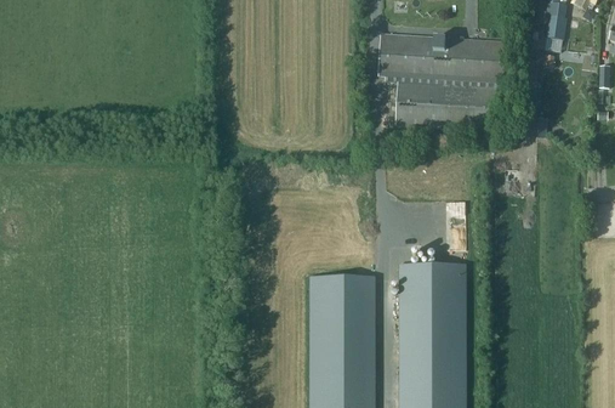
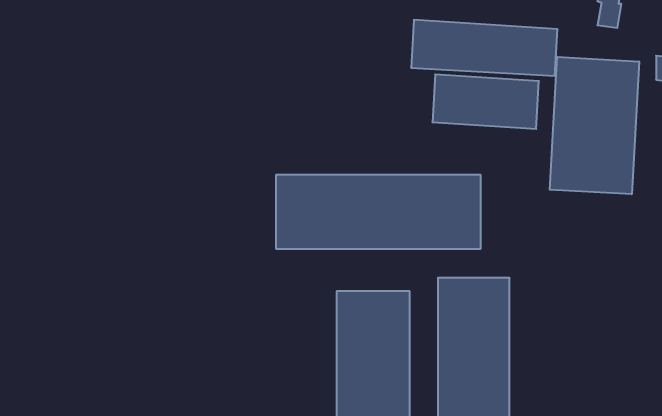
building: none -> [550,57,639,194]
building: none -> [276,175,480,249]

